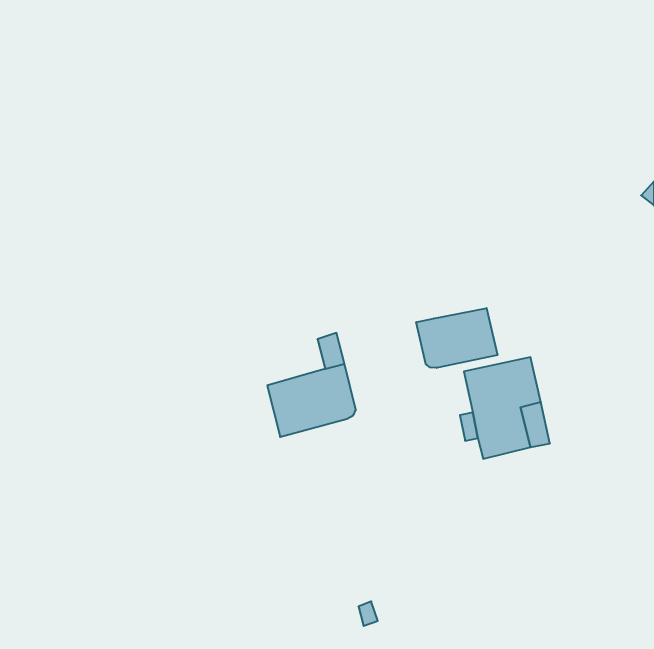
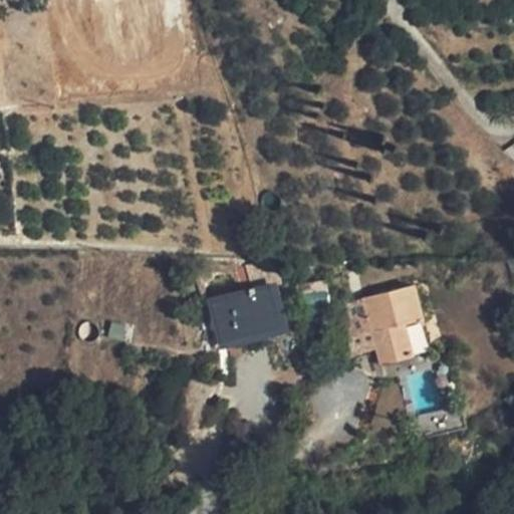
building: [416,308,497,368] -> none

